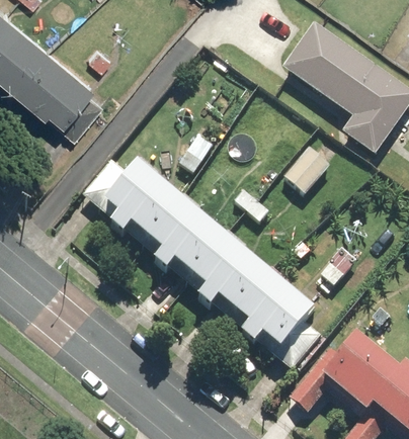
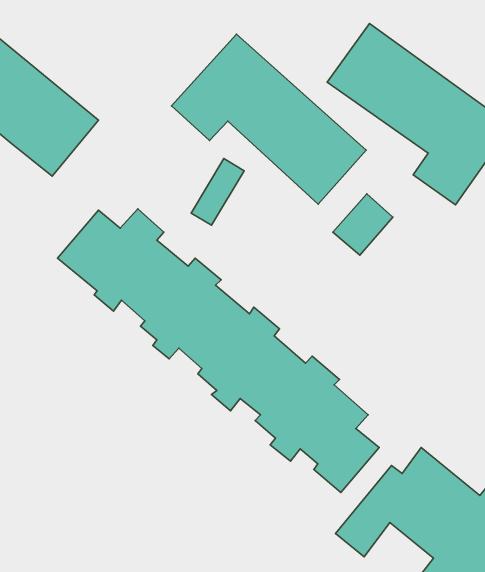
building: none -> [171,34,366,204]

